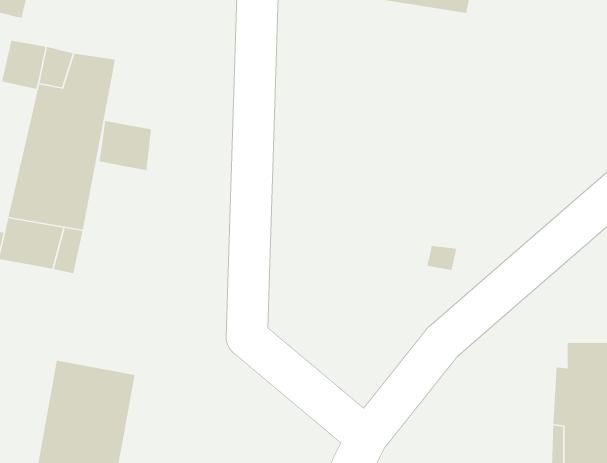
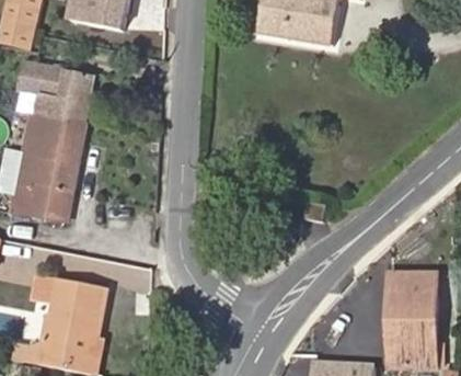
building: [99,120,152,171] -> none

